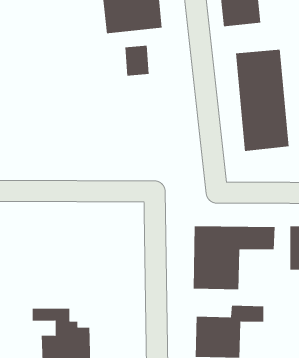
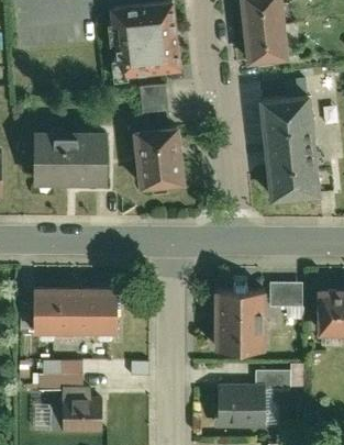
building: none -> [133,122,185,188]
building: none -> [34,125,108,185]
building: none -> [31,283,116,335]

